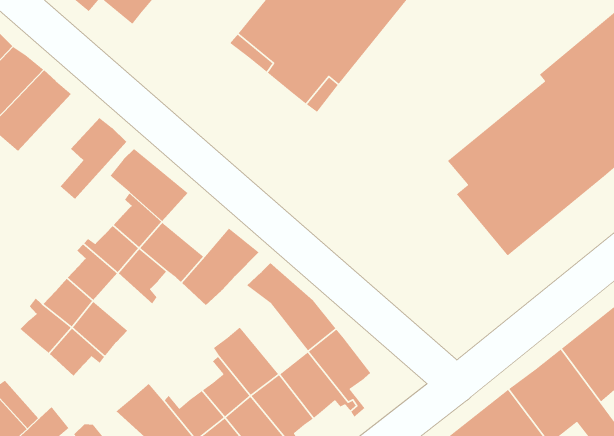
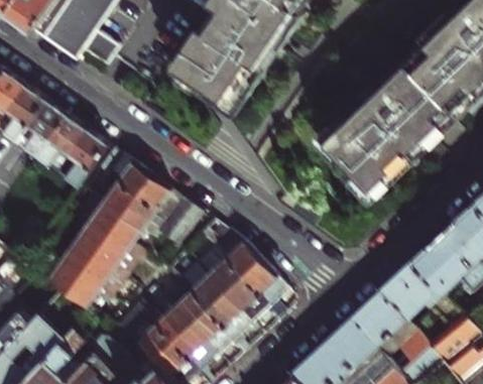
building: none -> [32,115,86,171]
building: none -> [134,175,179,218]
building: none -> [92,234,132,272]
building: none -> [193,246,240,293]

